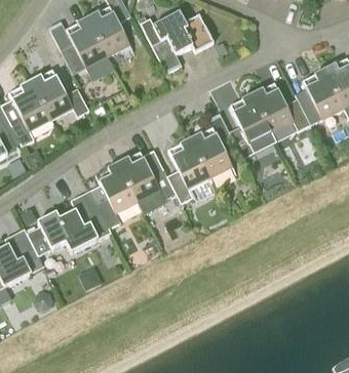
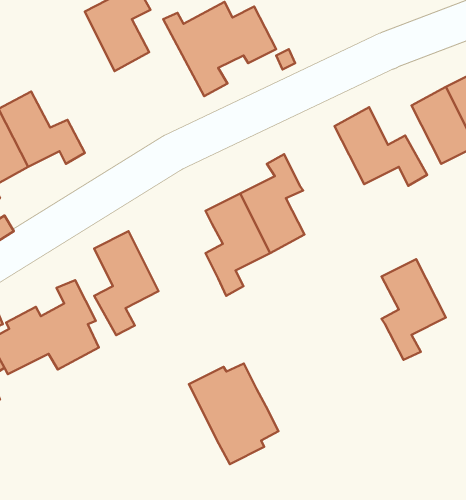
building: [49,19,108,70] -> none
building: [229,94,271,160] -> [382,259,446,360]
building: [117,150,176,215] -> [189,364,278,464]

